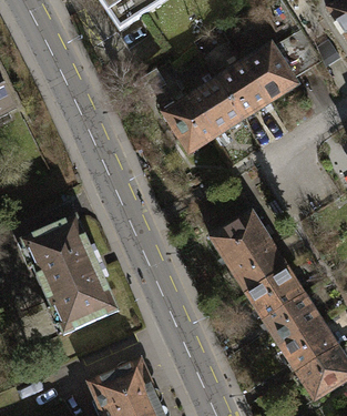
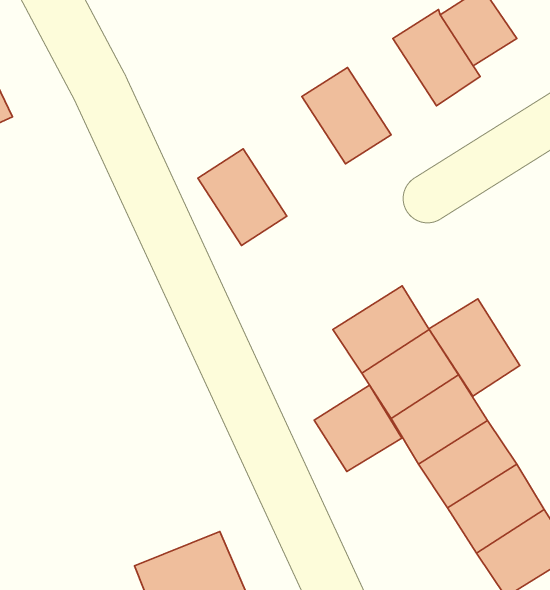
building: [218,59,273,118] -> none
building: [163,94,217,153] -> [198,149,287,245]
building: [21,213,120,332] -> none
building: none -> [429,299,520,396]
building: none -> [314,385,402,471]

